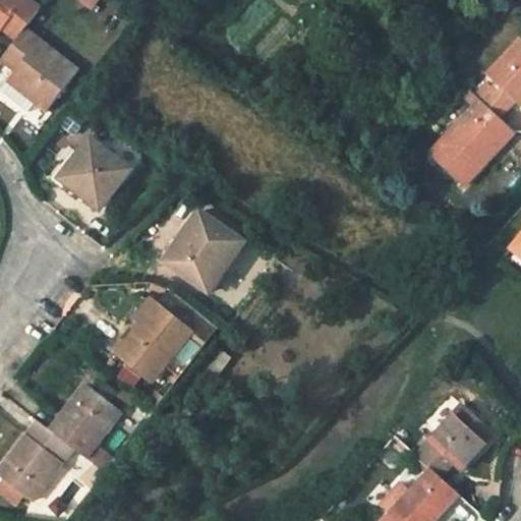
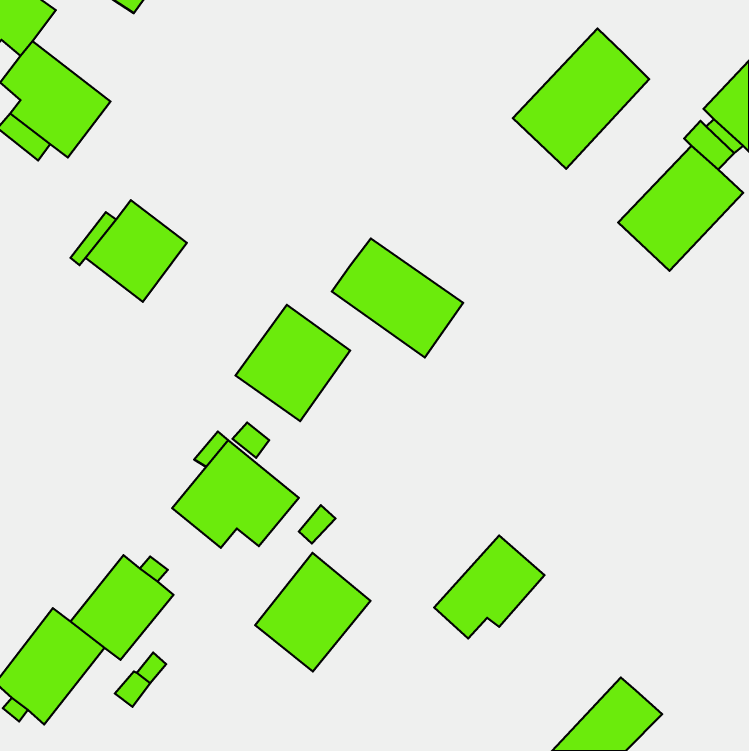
building: none -> [513,29,649,169]
building: none -> [332,238,463,357]
building: none -> [255,553,371,671]
building: [416,406,493,477] -> [434,535,545,638]

